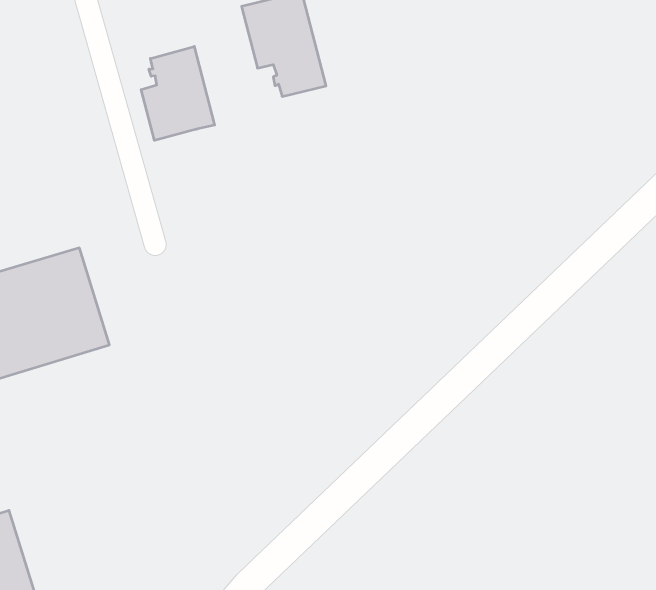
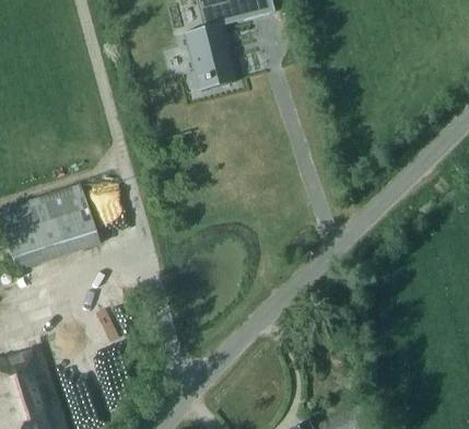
building: [141,46,215,140] -> none

